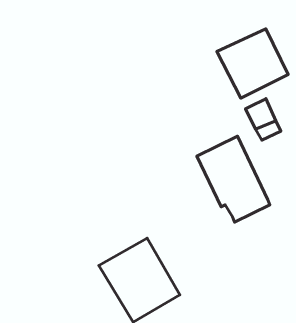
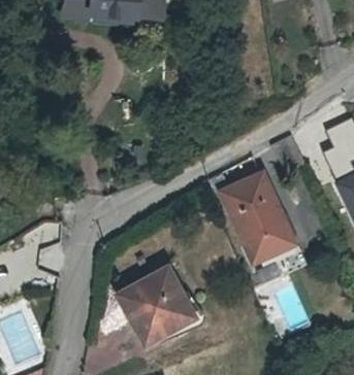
building: [217,29,288,98] -> none

